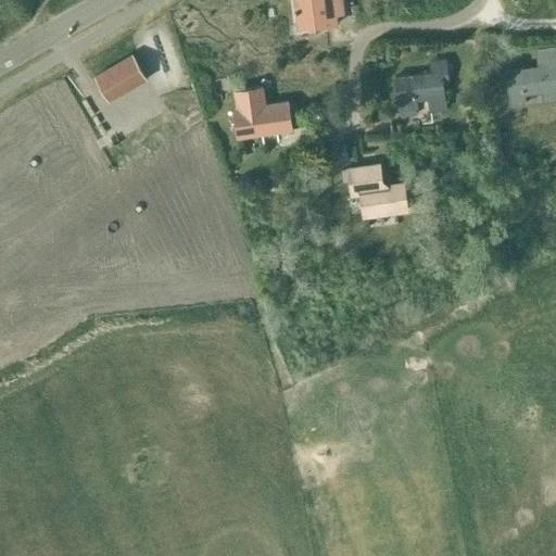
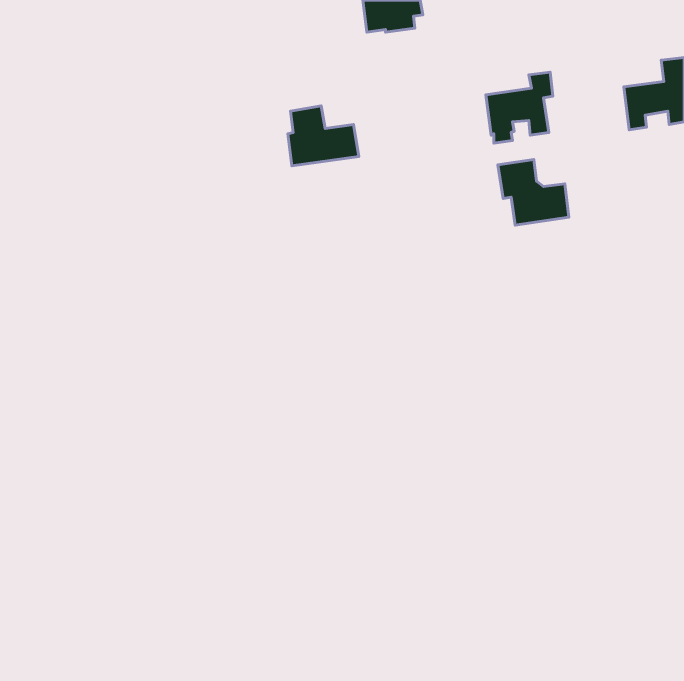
building: [94,55,147,102] -> none
building: [349,166,406,219] -> [498,160,569,225]

